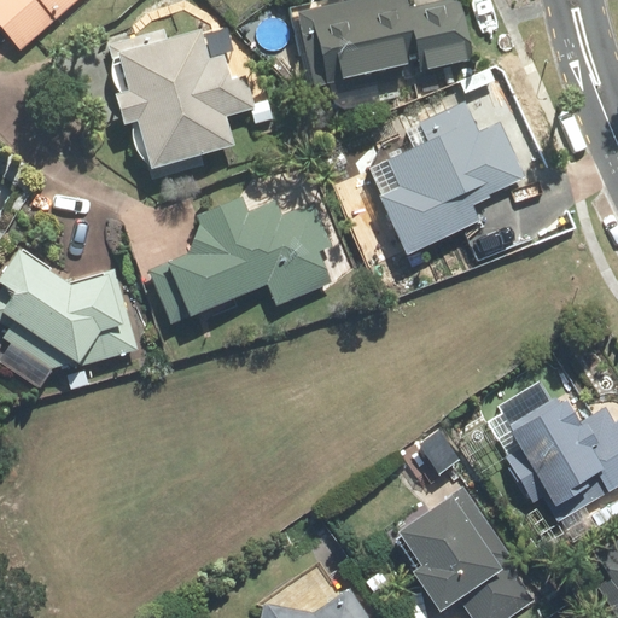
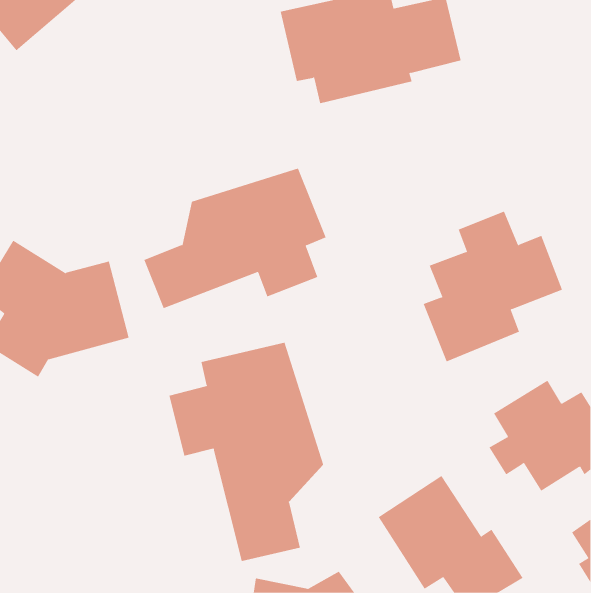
building: [110,30,244,180] -> none
building: [379,99,524,256] -> [423,211,563,362]
building: none -> [169,342,324,562]

